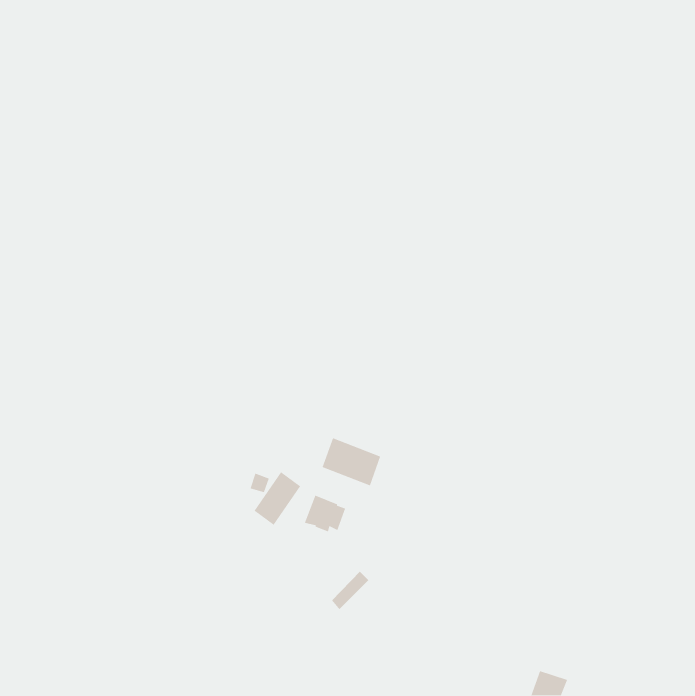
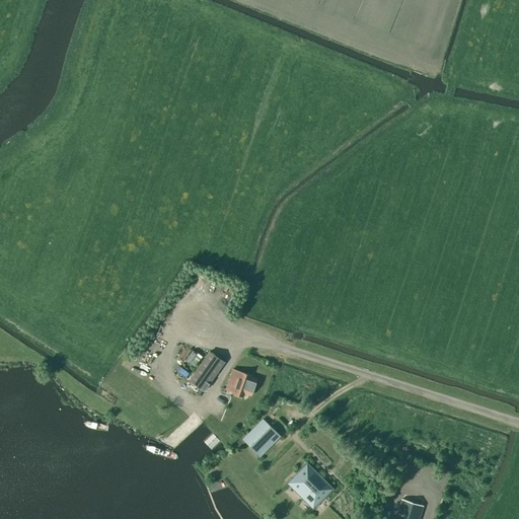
building: [322,437,381,486] -> none
building: none -> [285,463,331,509]

